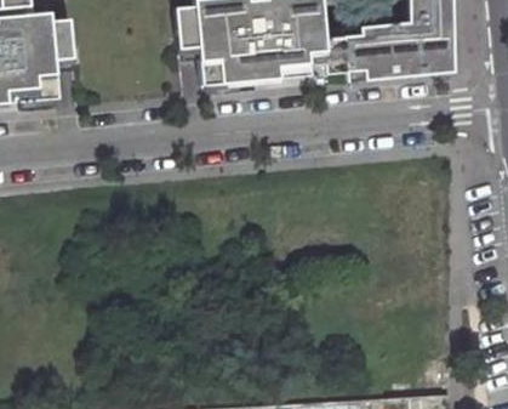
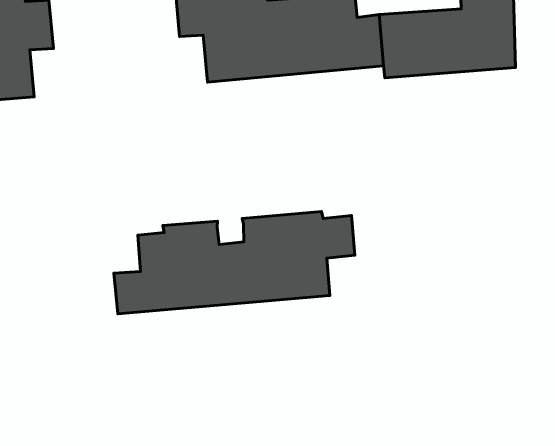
building: none -> [114,211,355,314]

